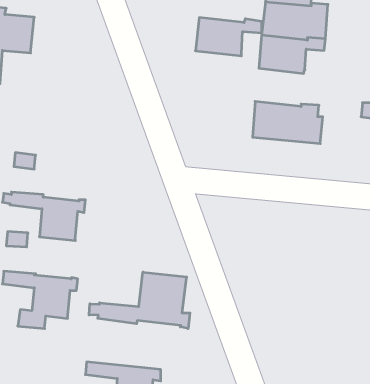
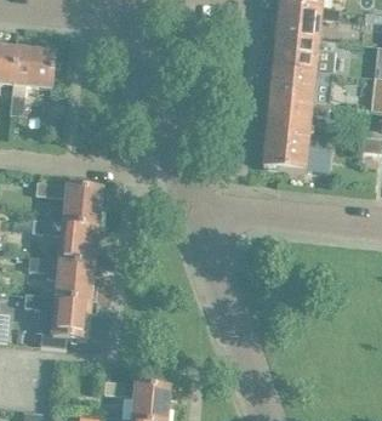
building: [195,18,262,56] -> [264,101,327,137]
building: none -> [63,184,107,227]
building: none -> [55,261,99,301]
building: [89,272,190,329] -> none

